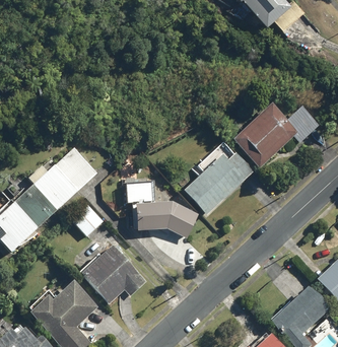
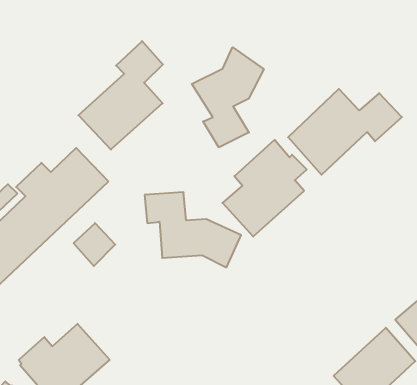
building: none -> [78,41,163,150]
building: none -> [192,47,264,147]
building: [79,244,147,305] -> none

